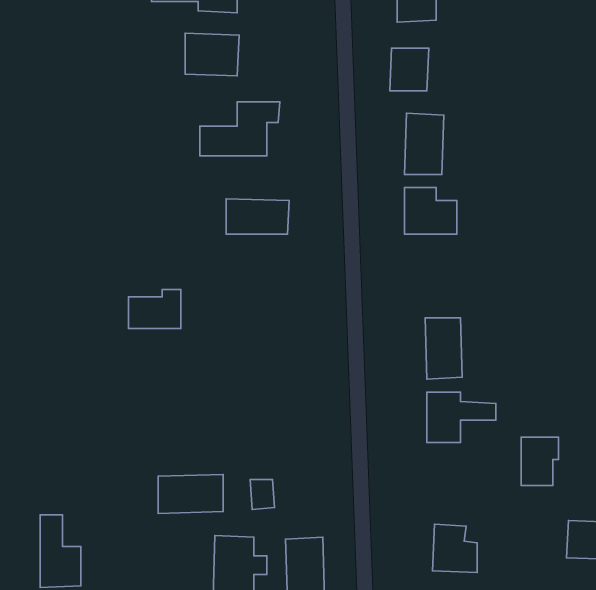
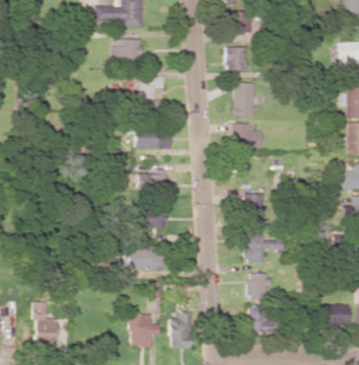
building: [129,290,181,329] -> [139,169,167,191]
building: none -> [138,207,166,229]
building: [521,437,558,485] -> [249,273,270,299]
building: [158,474,223,513] -> [129,247,164,269]

